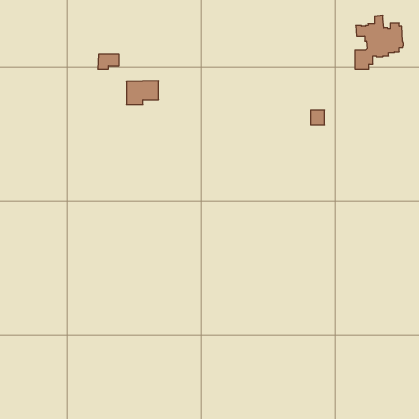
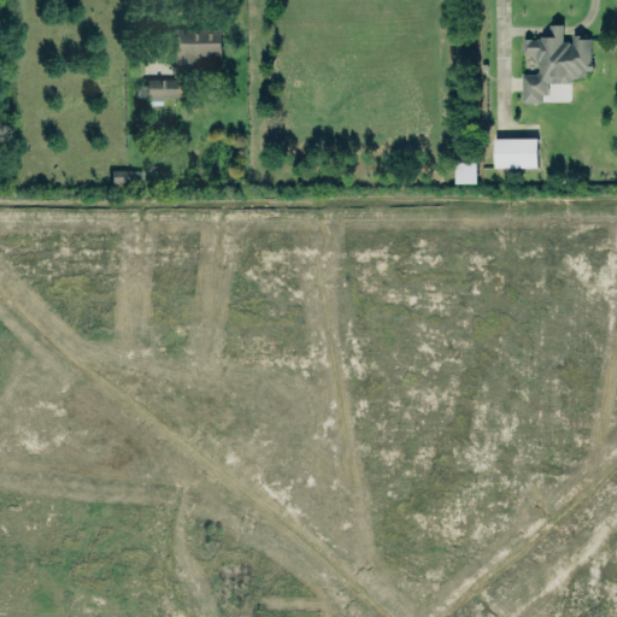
building: [126,81,159,105] -> [175,30,222,65]
building: none -> [495,139,539,169]

